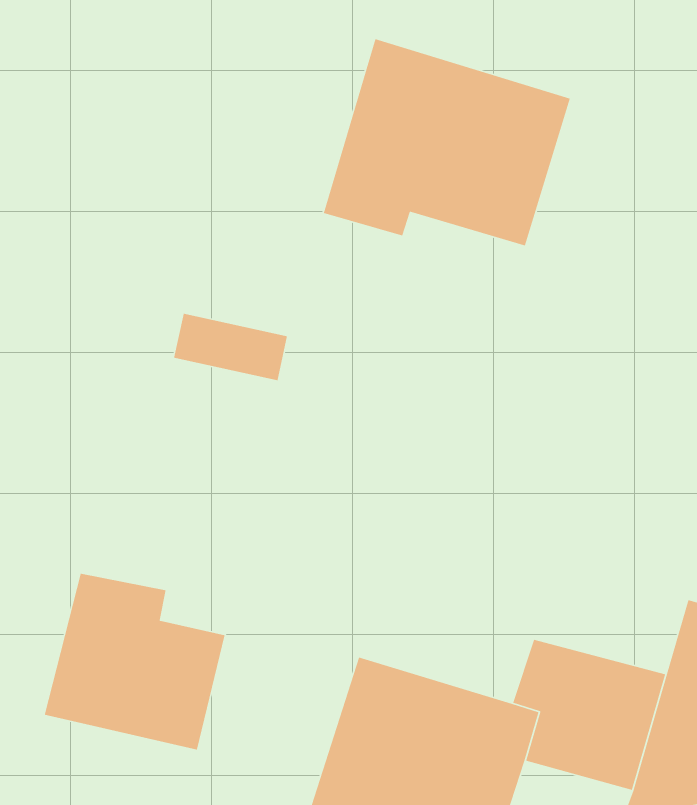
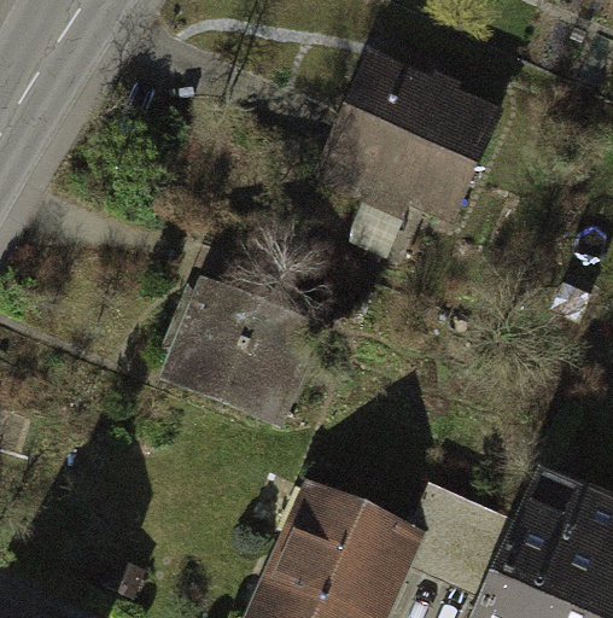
building: none -> [176,288,309,416]
building: [44,573,226,751] -> none

